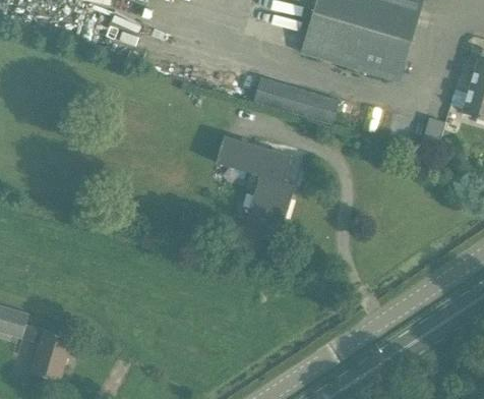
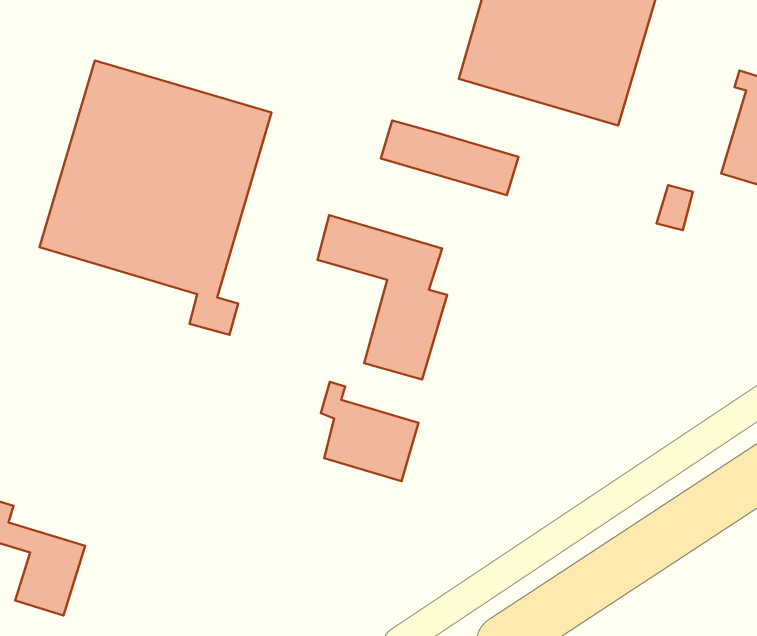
building: none -> [40,61,271,335]
building: none -> [321,382,419,481]

